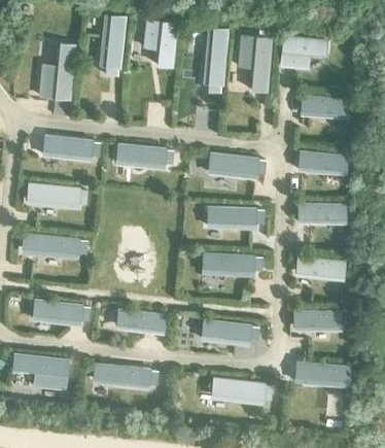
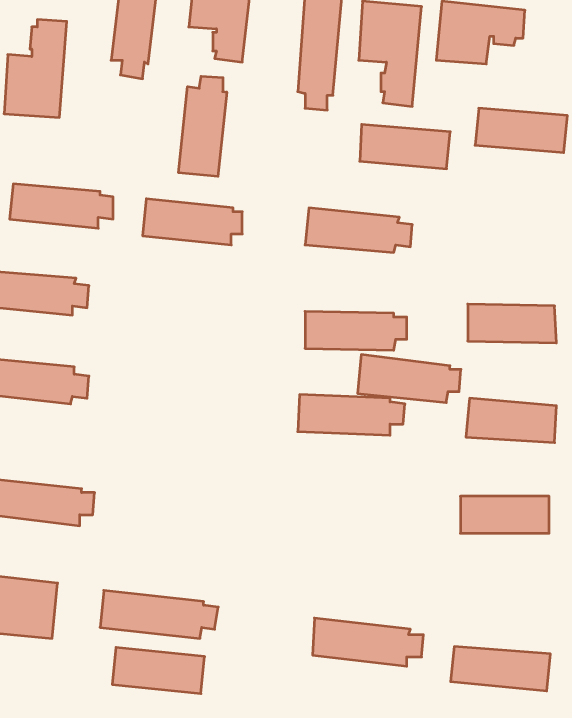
building: none -> [179,76,227,176]
building: [297,150,348,175] -> [360,124,450,169]
building: [115,309,167,335] -> [112,647,205,694]
building: [201,319,258,346] -> [358,355,461,403]
building: [294,361,350,386] -> [451,647,550,691]

